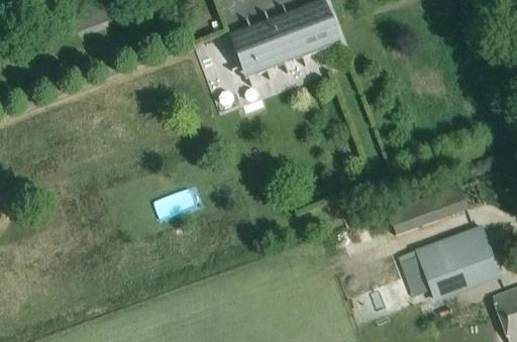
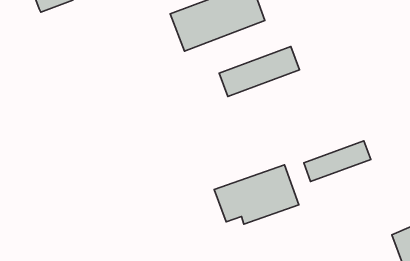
building: none -> [219,46,300,97]
building: [399,227,500,298] -> [214,165,299,224]

